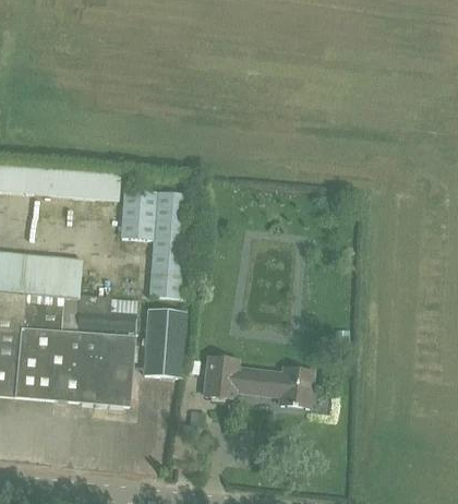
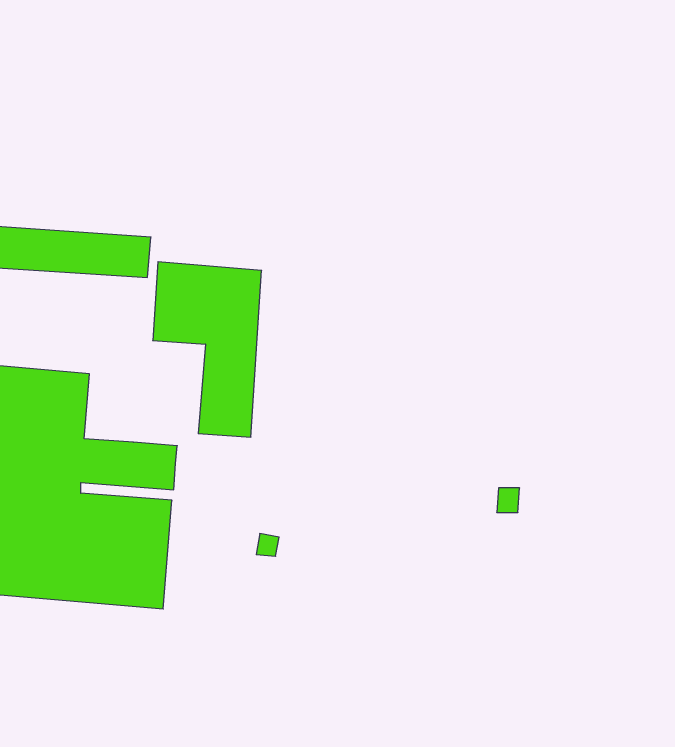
building: [144,309,185,376] -> none
building: [205,357,313,407] -> none

